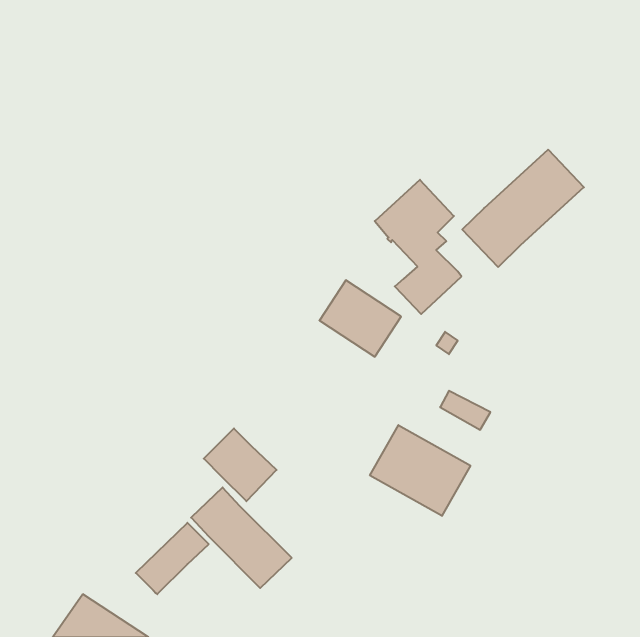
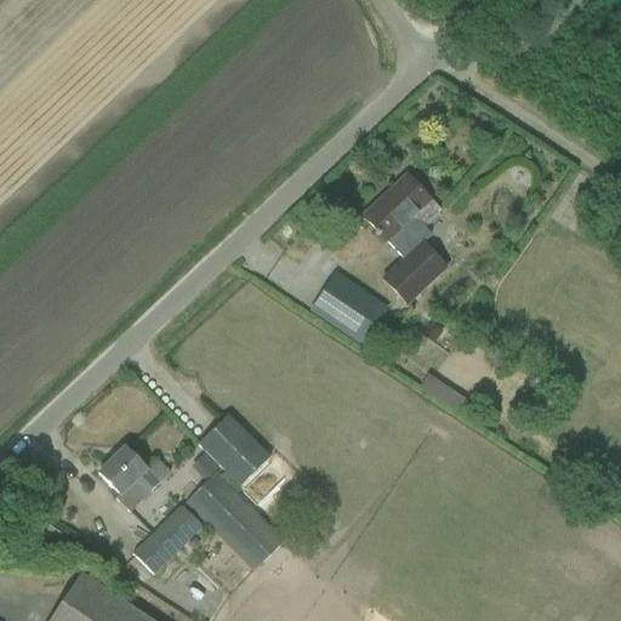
building: [462,150,584,267] -> none
building: [370,425,470,516] -> none
building: none -> [99,446,172,511]

